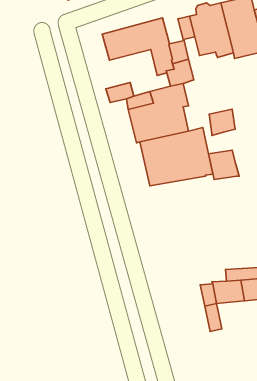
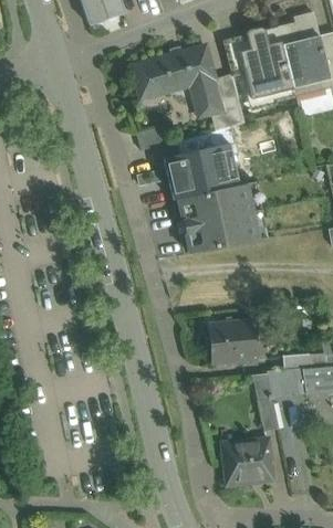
building: [209,109,235,135] -> none
building: [209,150,239,179] -> none
building: none -> [207,320,256,363]
building: none -> [221,439,271,485]

